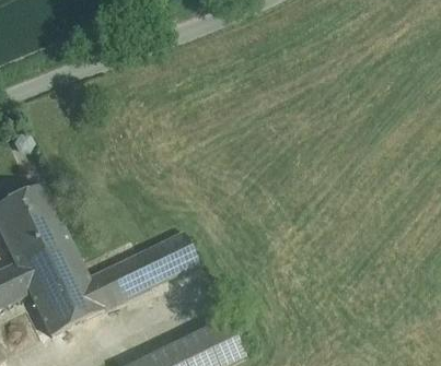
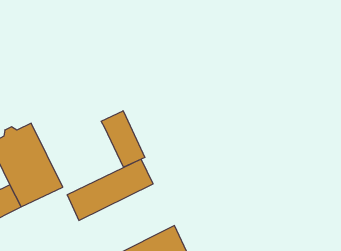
building: none -> [101,111,145,167]
building: [28,267,103,334] -> none

